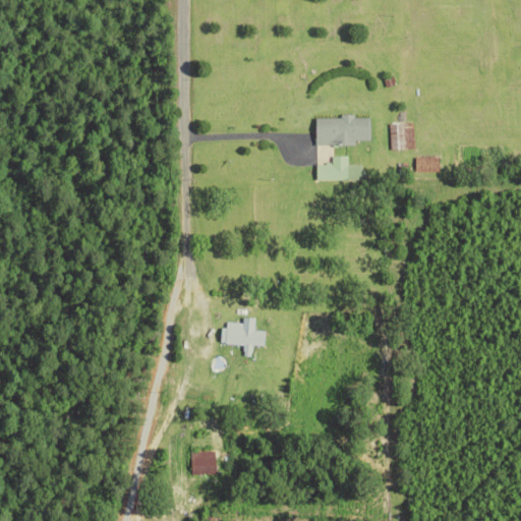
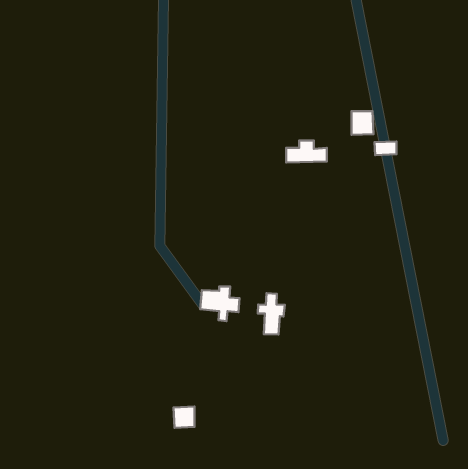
building: [316,116,371,144] -> none
building: none -> [258,293,285,335]

